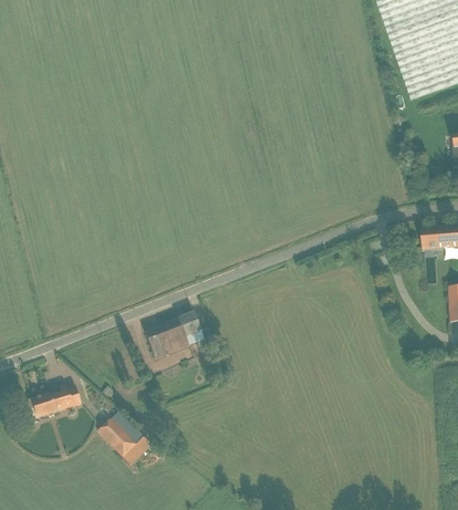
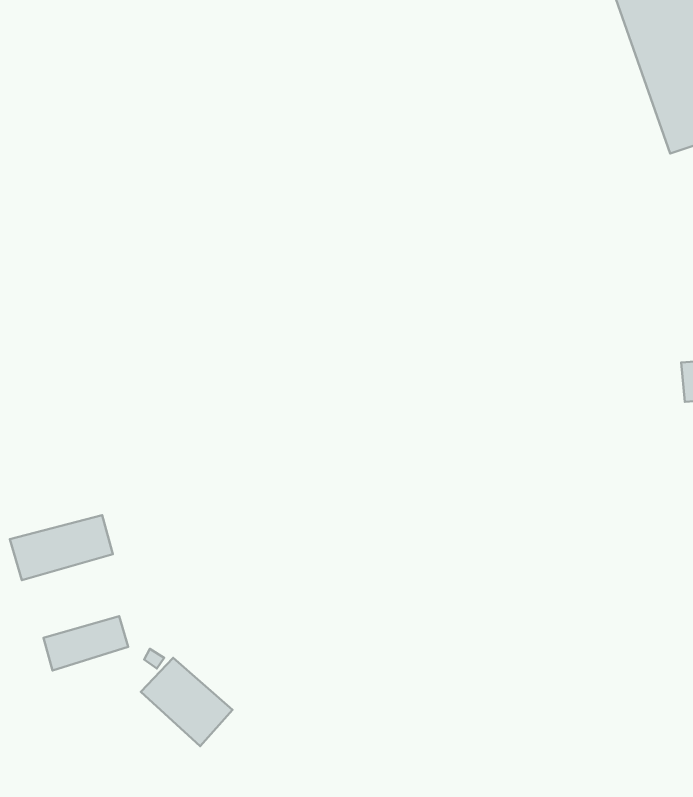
building: [150,316,196,358] -> none
building: none -> [10,515,113,580]

